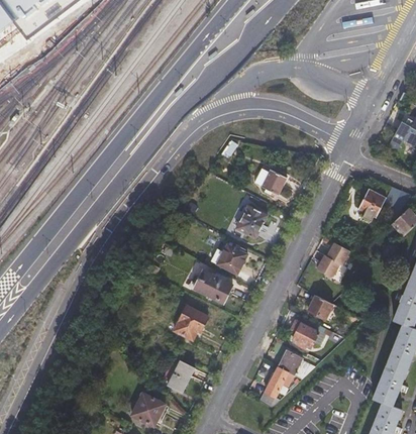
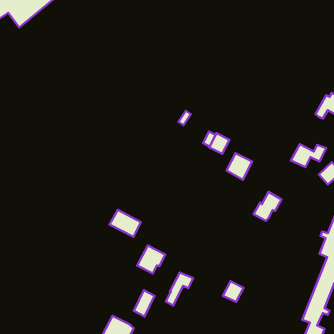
building: [234,205,266,237] -> [226,153,252,180]
building: [210,244,245,274] -> none
building: [193,269,231,303] -> [110,210,141,237]
building: [306,296,336,322] -> none
building: [291,318,320,348] -> none
building: [259,368,293,409] -> [166,272,193,305]

